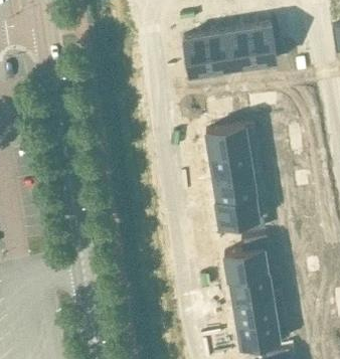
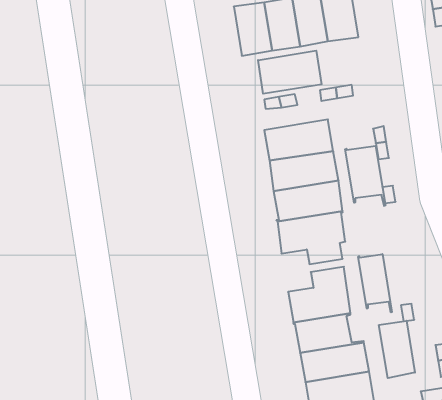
building: none -> [258,51,321,94]
building: none -> [345,146,385,206]
building: none -> [358,254,392,312]
building: none -> [379,321,415,378]

